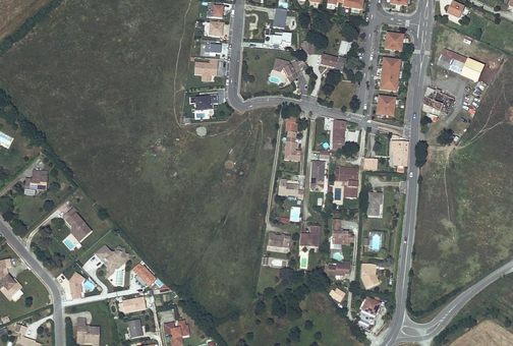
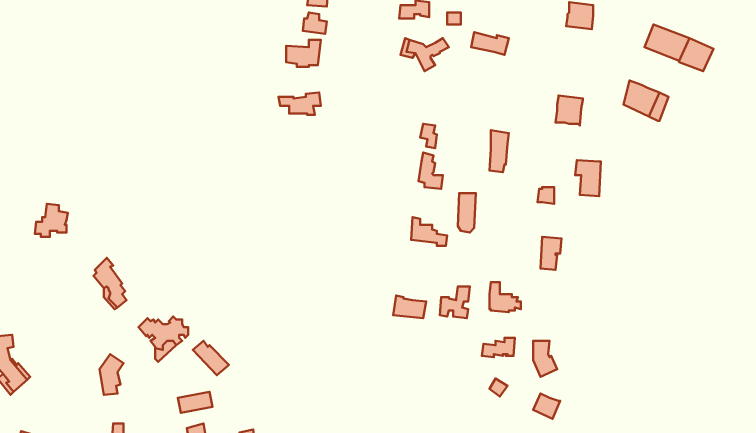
building: [380,58,399,91] -> none
building: [334,166,357,196] -> none

